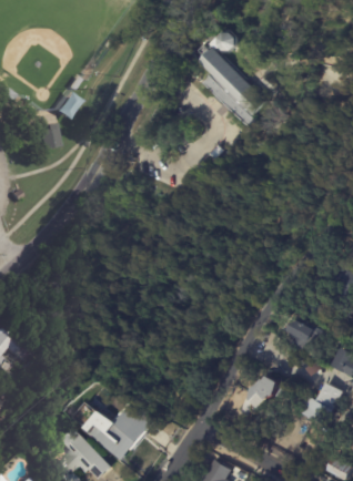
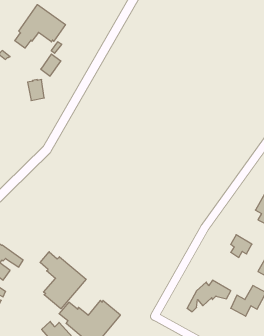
building: none -> [15,5,65,48]
building: [200,31,266,129] -> none
building: none -> [40,252,86,309]

